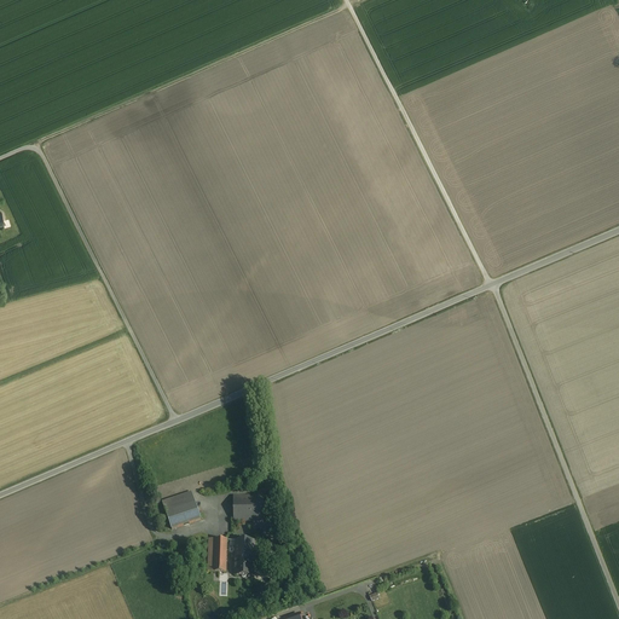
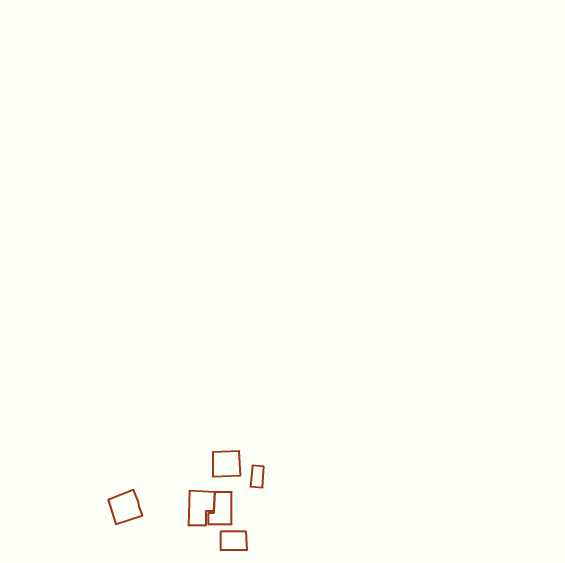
building: [163,488,201,526] -> [108,490,142,524]
building: none -> [221,531,247,550]

